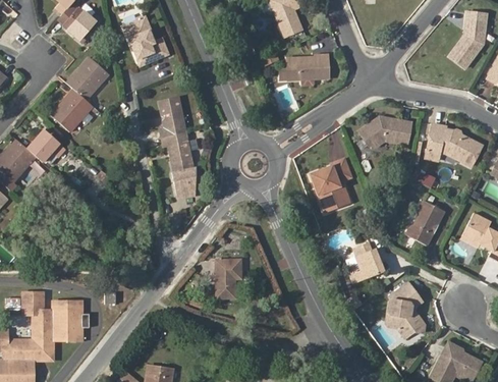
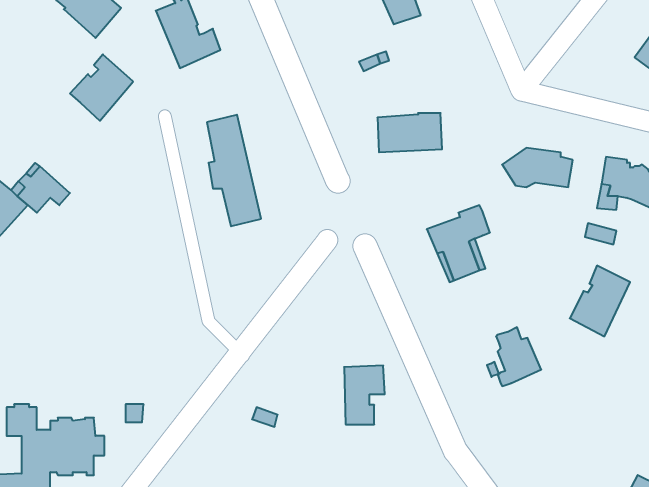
building: [286,54,330,80] -> [377,113,442,152]
building: [49,88,93,132] -> none
building: [173,165,197,194] -> none
building: [215,261,242,301] -> [344,366,385,424]
building: [381,281,420,336] -> none

